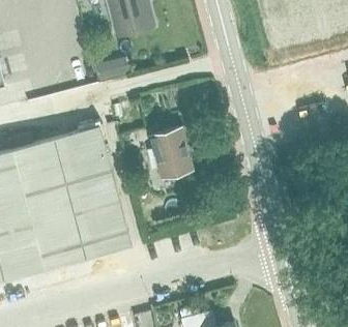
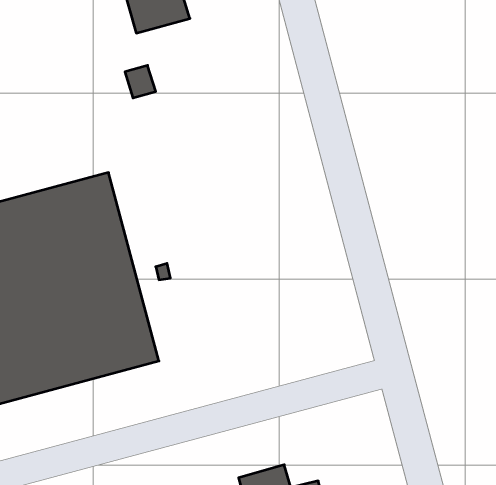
building: [149,128,193,179] -> none

